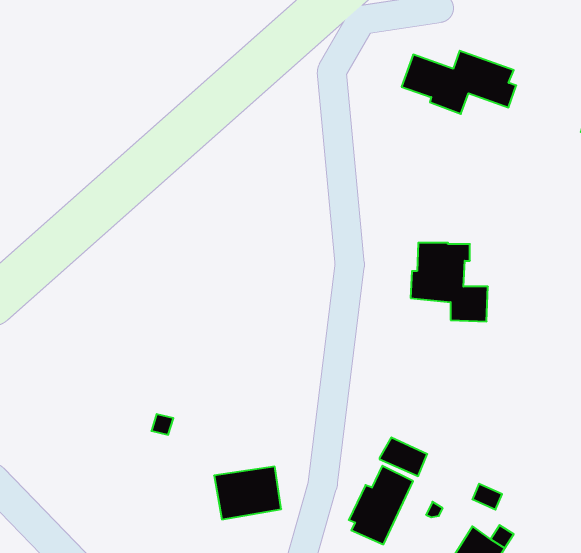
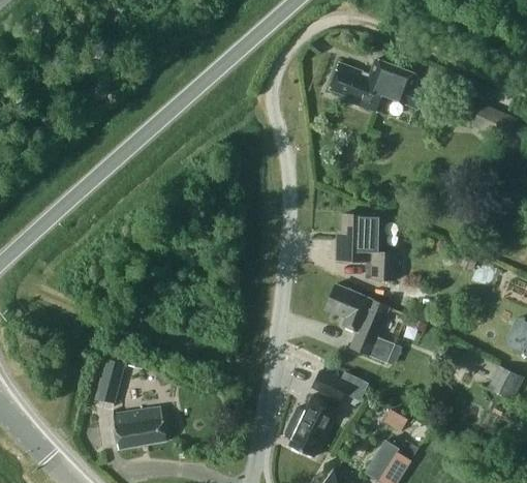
building: none -> [326,284,395,363]
building: none -> [95,359,124,403]
building: [214,467,281,519] -> [113,407,166,450]

